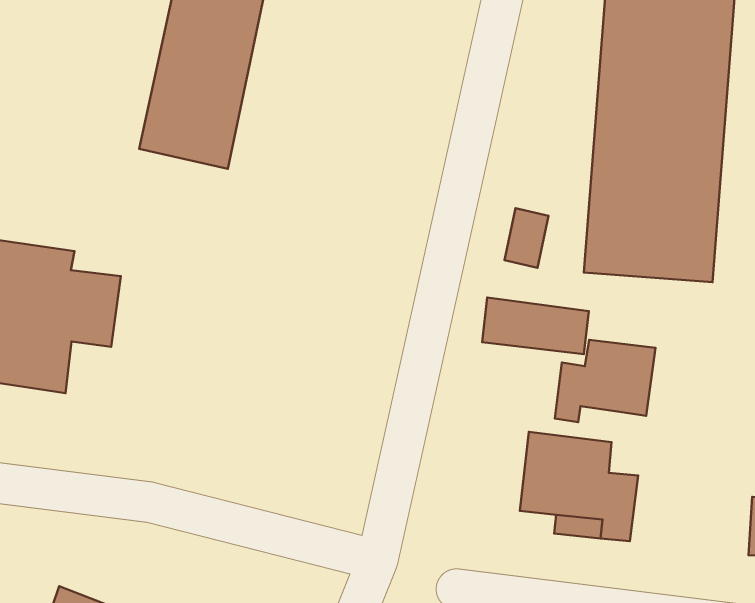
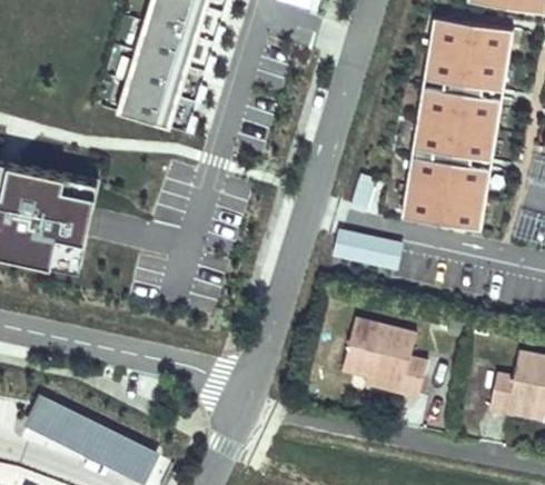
building: [555,340,655,422] -> none

